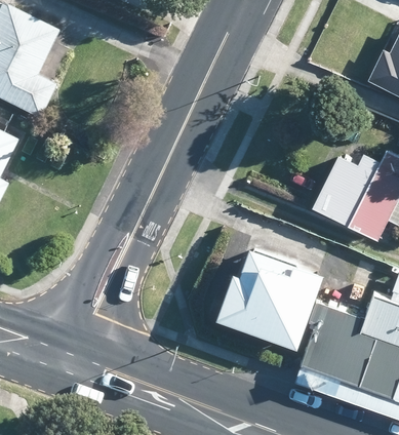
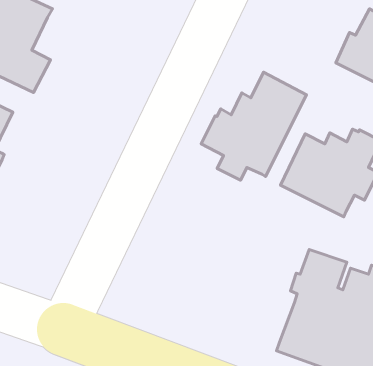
building: none -> [201,72,306,180]
building: [214,249,321,350] -> none

